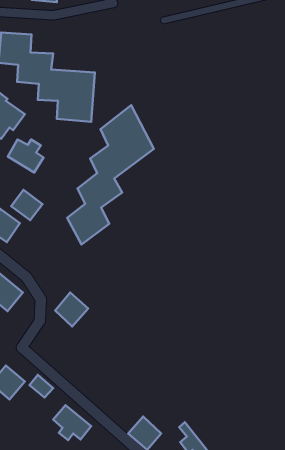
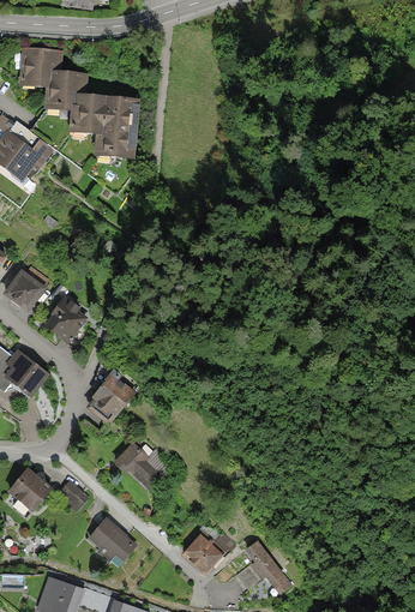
building: [67,105,154,244] -> none
building: [8,139,43,172] -> none
building: [11,190,42,220] -> [47,301,86,340]
building: none -> [115,444,162,491]

